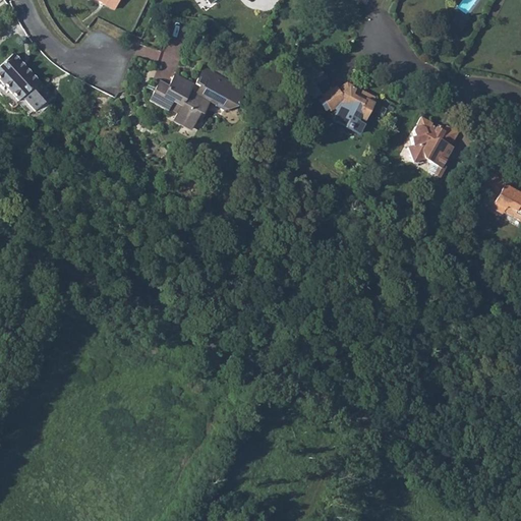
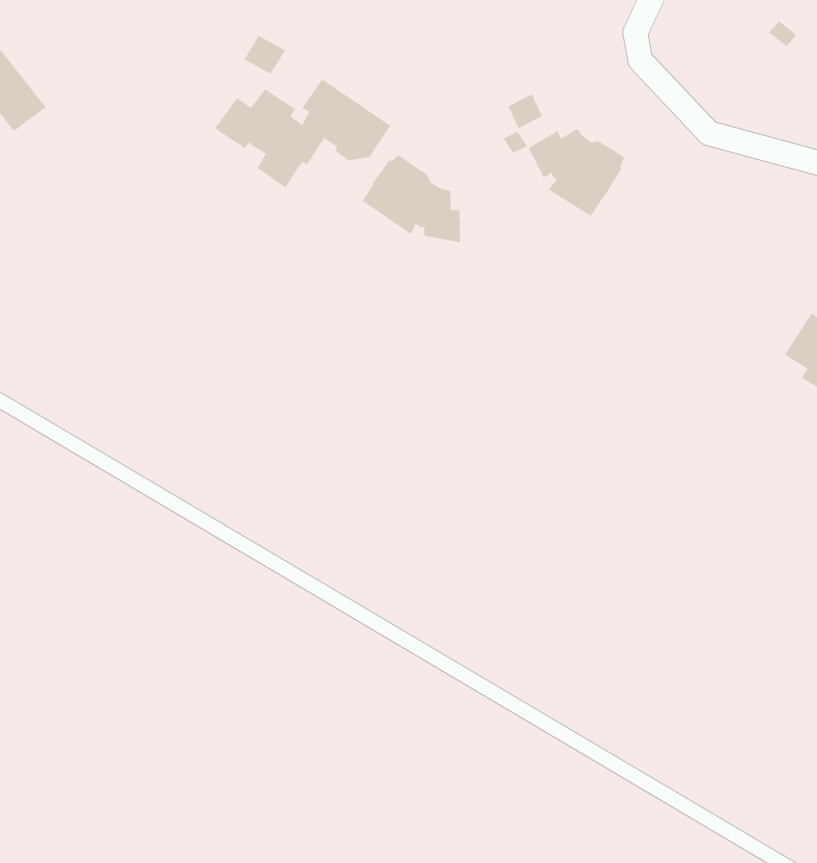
building: none -> [362,154,460,243]
building: [411,115,462,177] -> none

